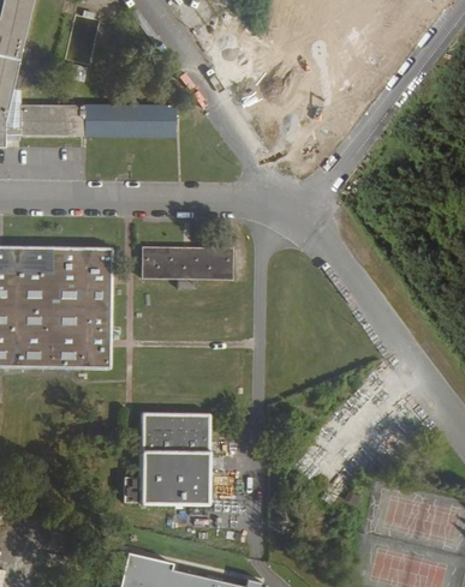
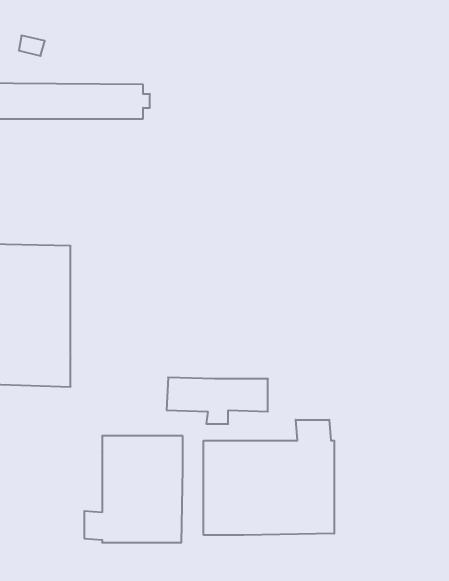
building: [142,246,231,287] -> [167,377,268,424]
building: none -> [204,420,334,535]

